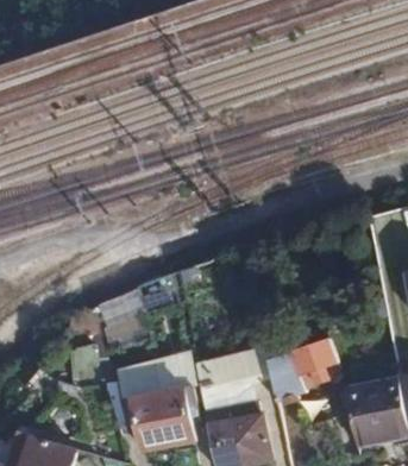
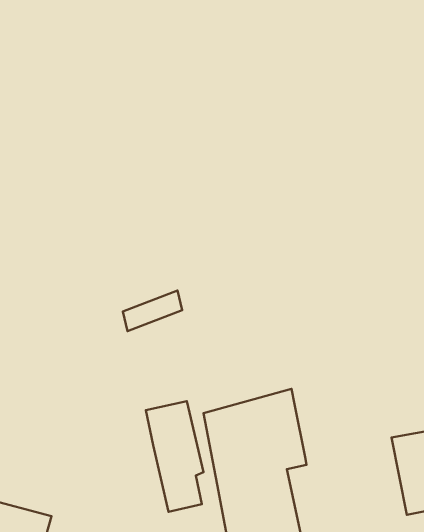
building: [268,338,338,402] -> none
building: [119,364,169,449] -> none

